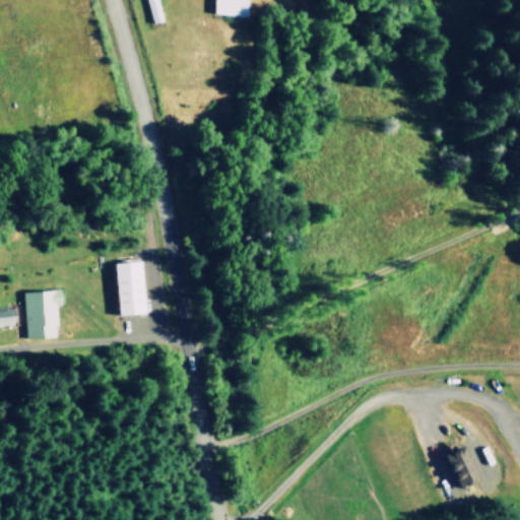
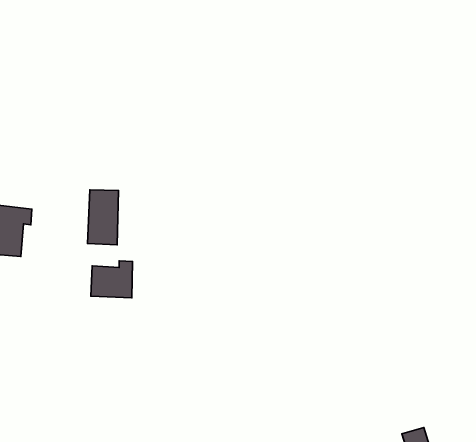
building: none -> [91,261,132,298]

